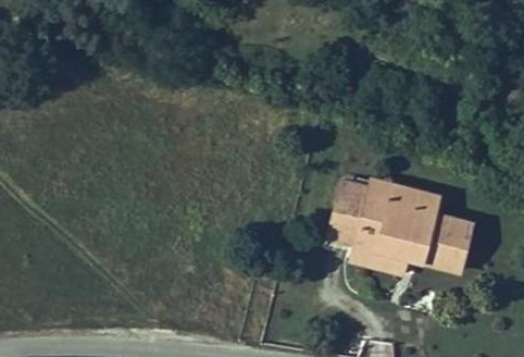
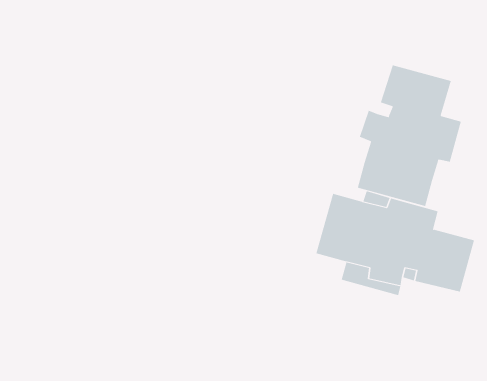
building: none -> [357,64,462,207]

